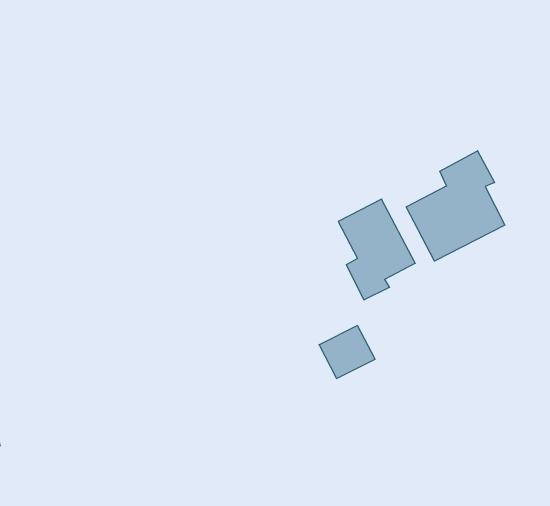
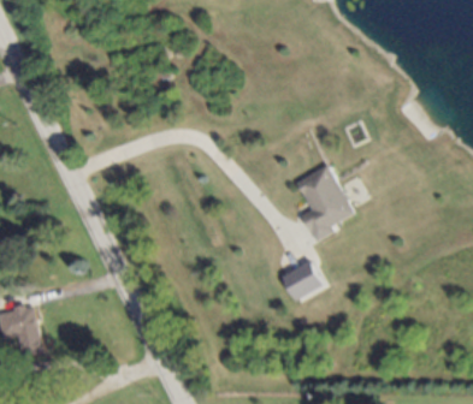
building: [406,151,505,261] -> none

